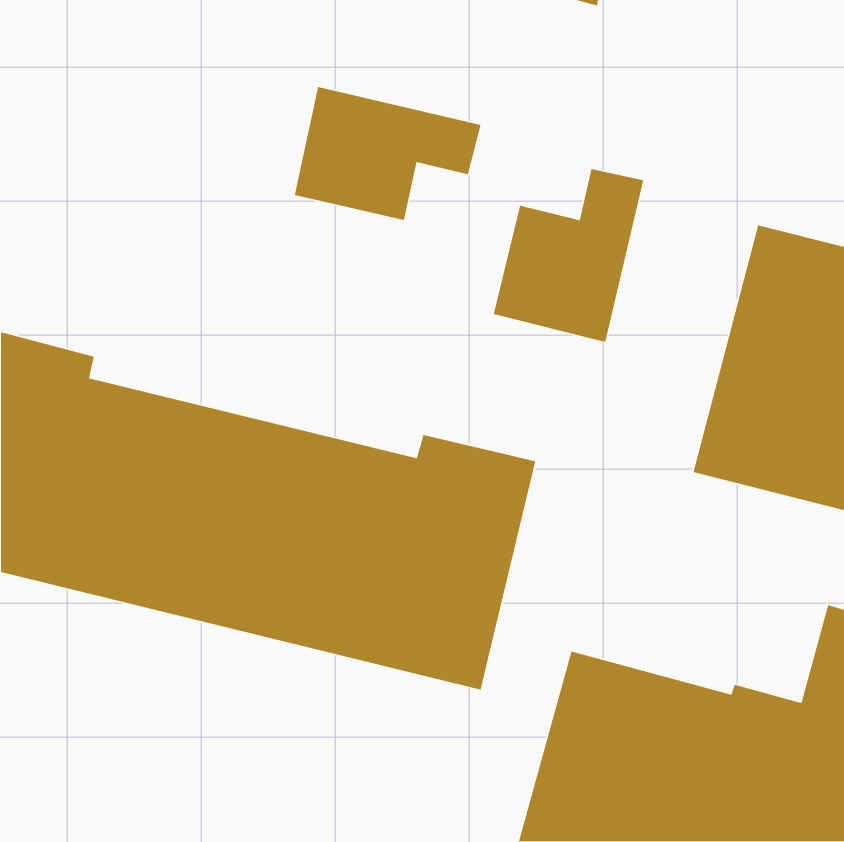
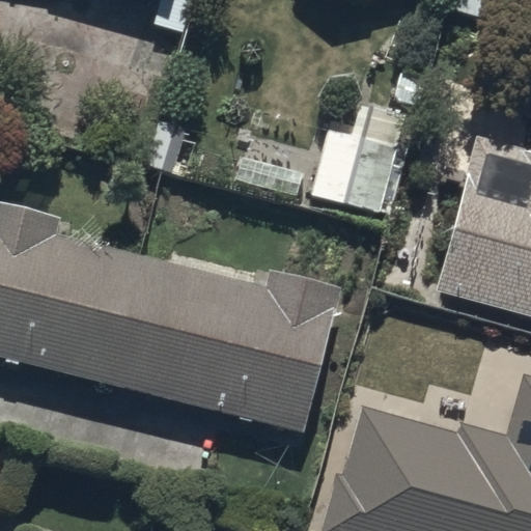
building: [294,86,481,221] -> none

